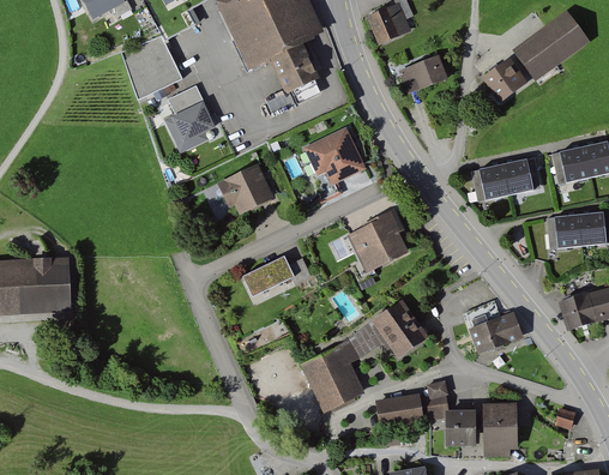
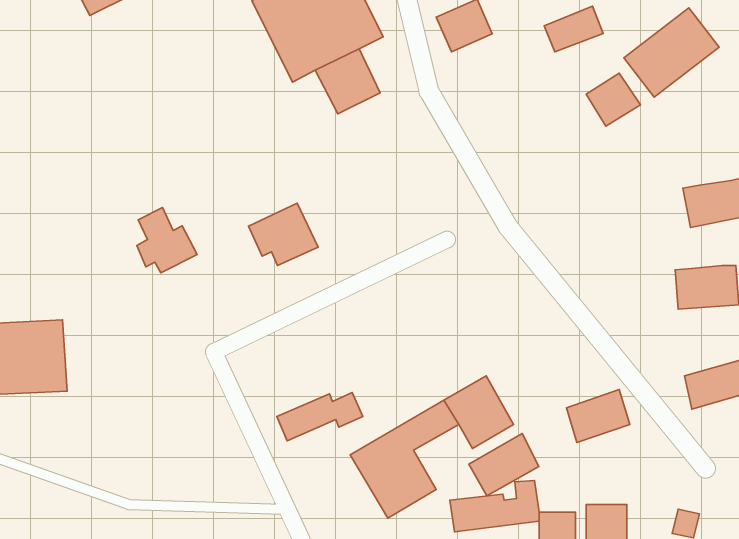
building: [116,31,180,96] -> none
building: [399,58,446,94] -> [544,6,603,52]
building: [163,86,211,138] -> [137,208,197,273]
building: [306,130,366,185] -> none
building: [478,162,533,200] -> none
building: [346,210,409,272] -> none
building: [243,257,312,295] -> [277,392,363,441]
building: none -> [469,434,539,496]

